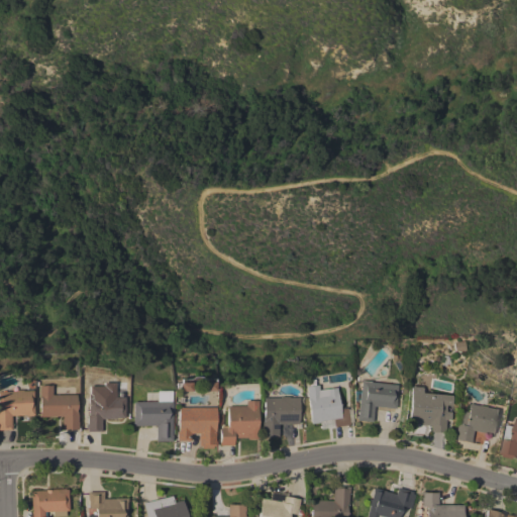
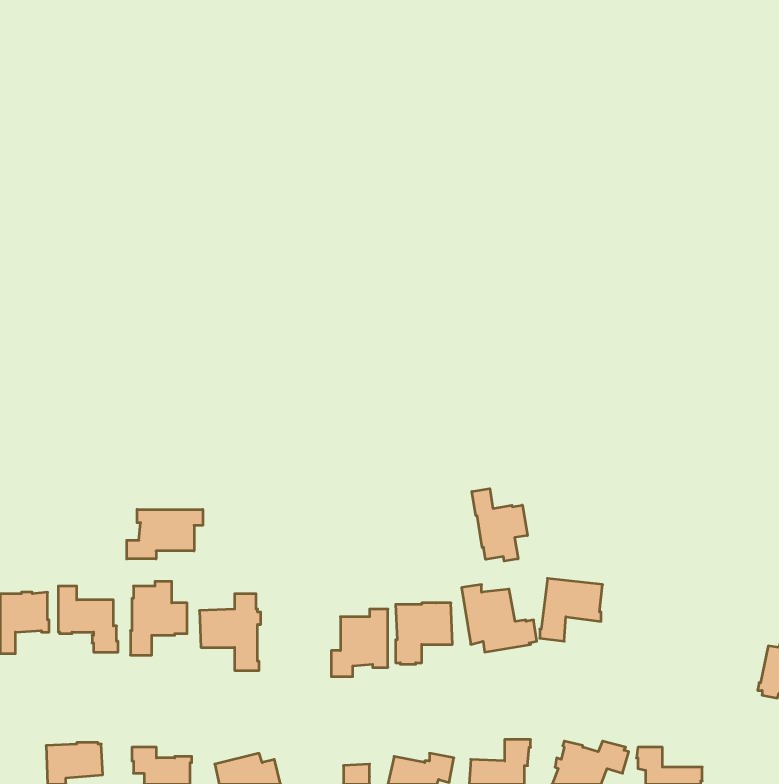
building: none -> [472,489,527,561]
building: none -> [127,509,203,559]
building: [410,387,453,433] -> none
building: [456,403,501,442] -> none
building: [178,407,217,448] -> none

